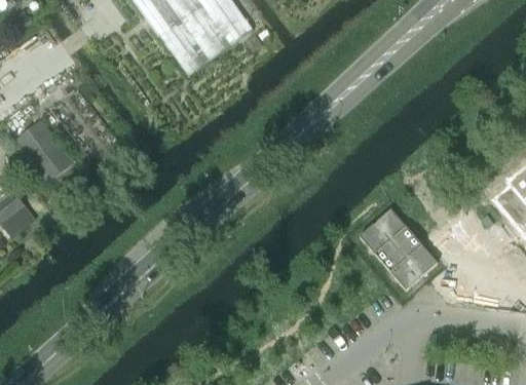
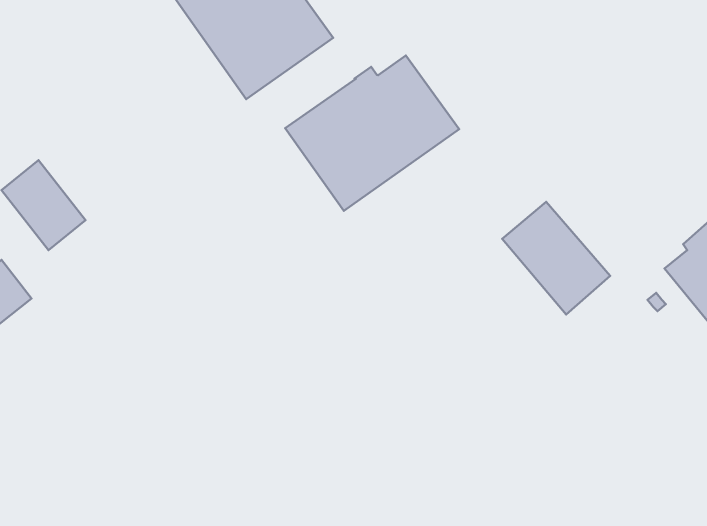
building: none -> [285,56,459,211]
building: [359,208,437,290] -> [502,202,610,314]

